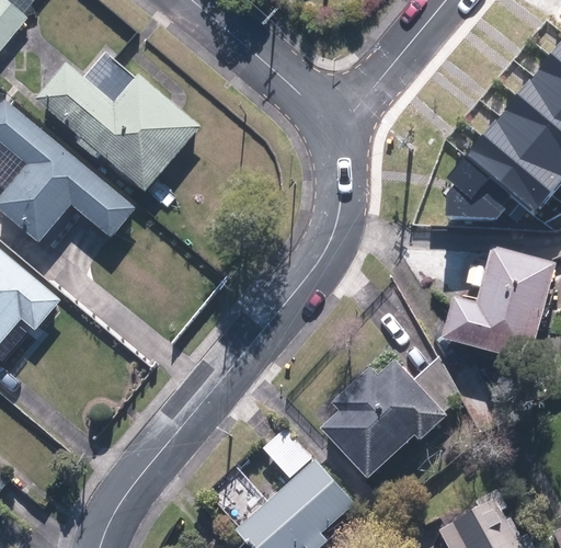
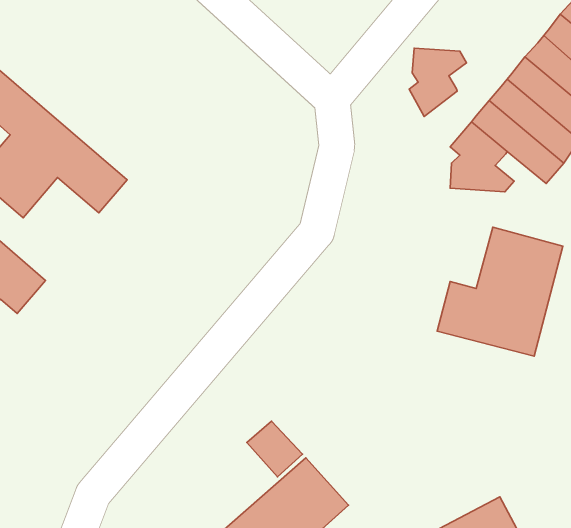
building: [42,48,207,193] -> none
building: none -> [409,48,467,116]
building: [309,358,438,488] -> none

